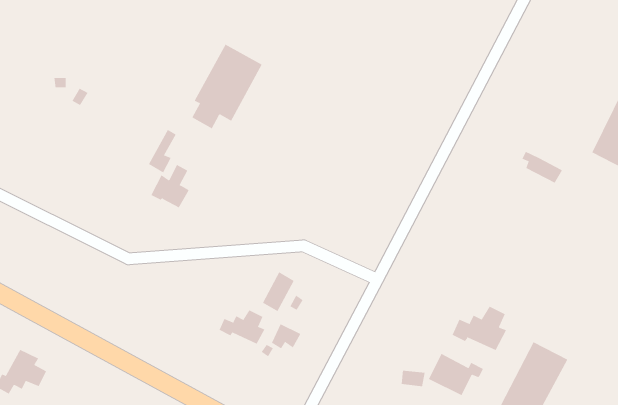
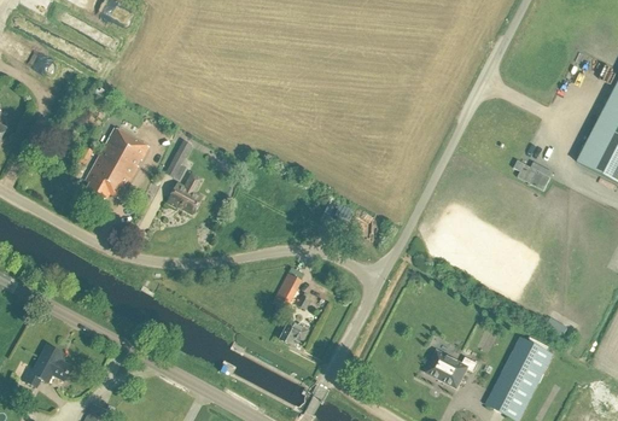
building: [191,44,263,129] -> [82,127,148,206]
building: [452,306,507,351] -> none
building: [219,309,265,344] -> none

